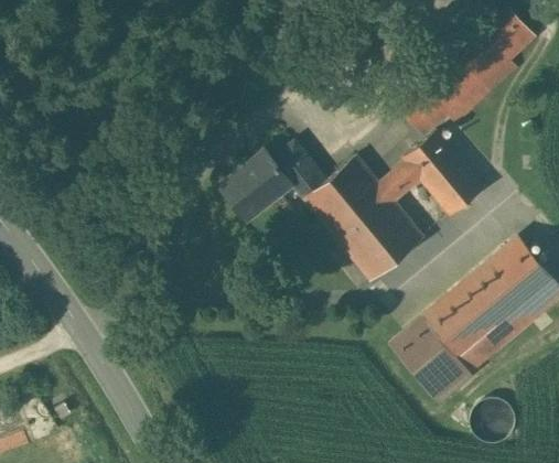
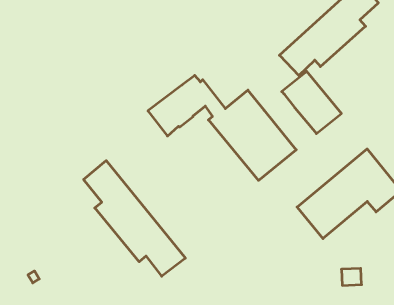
building: [377,161,419,202] -> none
building: none -> [84,161,185,276]
building: [388,308,530,401] -> none

